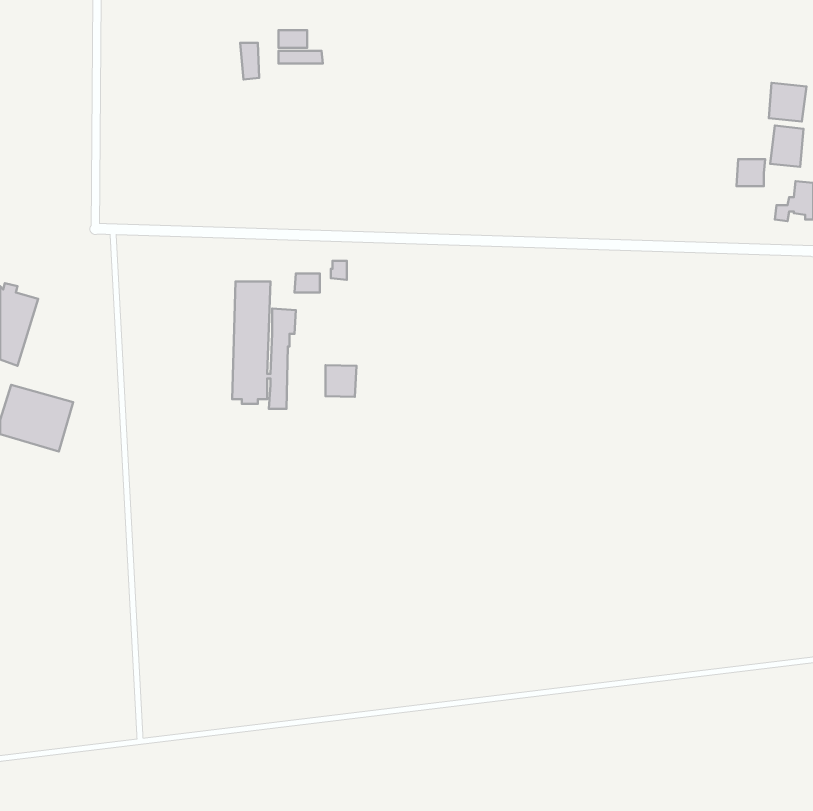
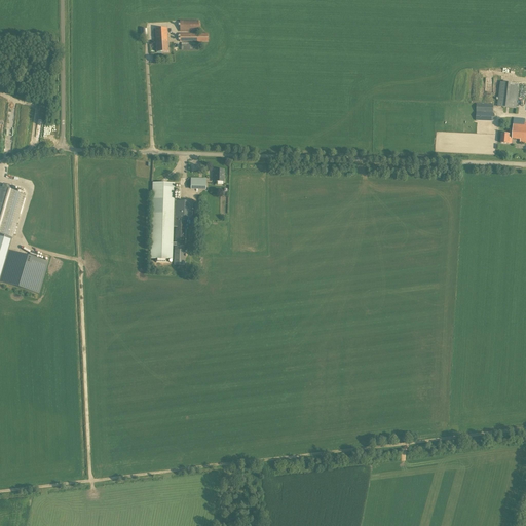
building: [769,83,807,122] -> none
building: [325,365,357,397] -> none

